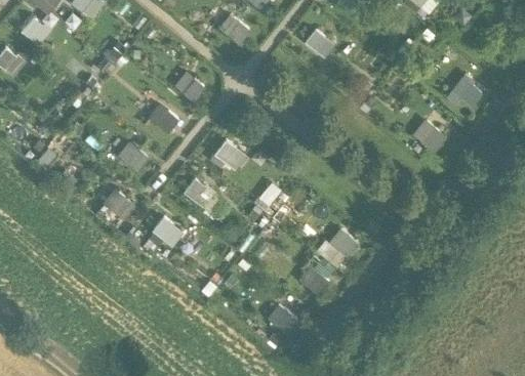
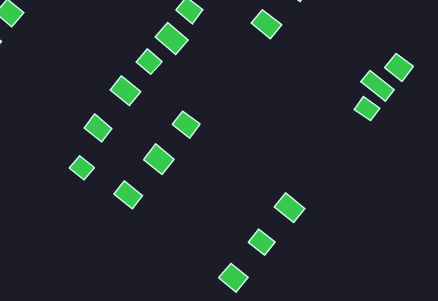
building: none -> [155,22,188,55]
building: none -> [361,70,394,101]

